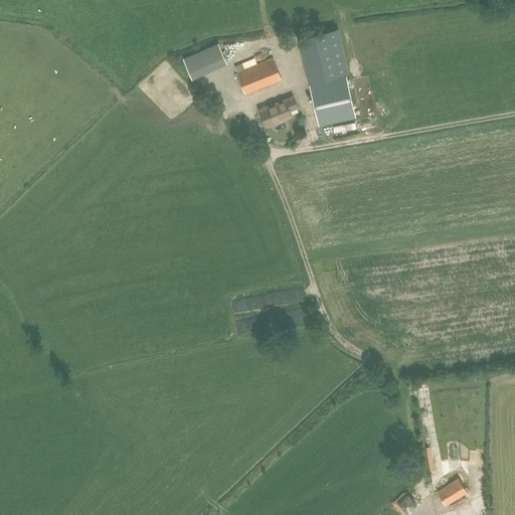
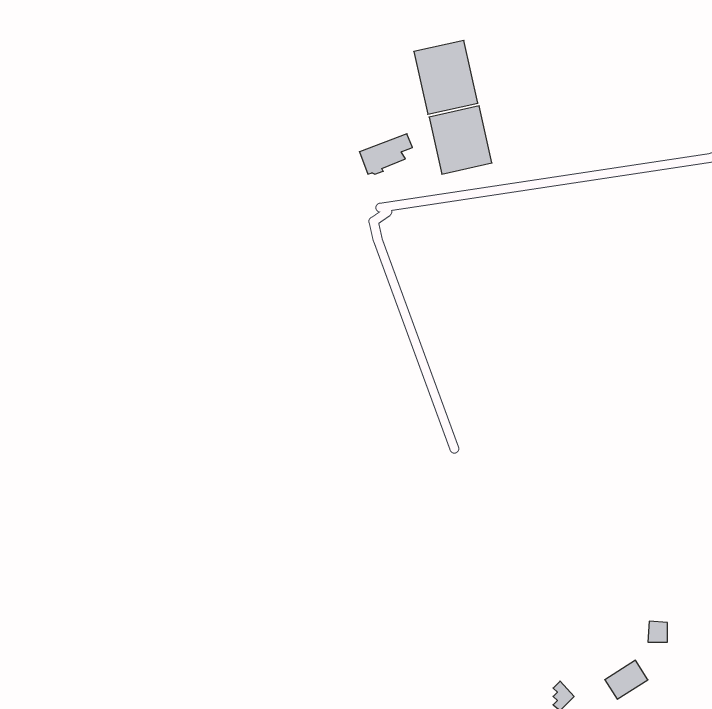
building: [179,44,224,79] -> none
building: [237,60,282,96] -> none

